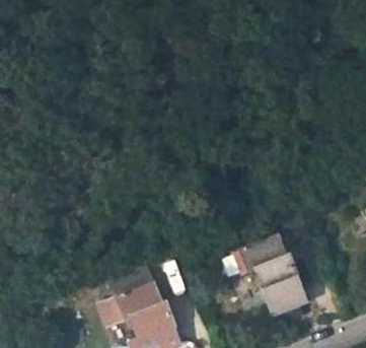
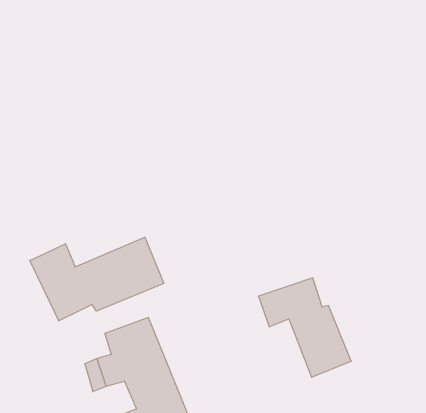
building: none -> [30,237,164,321]

